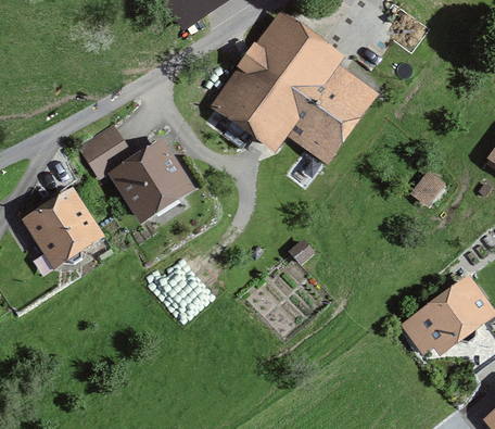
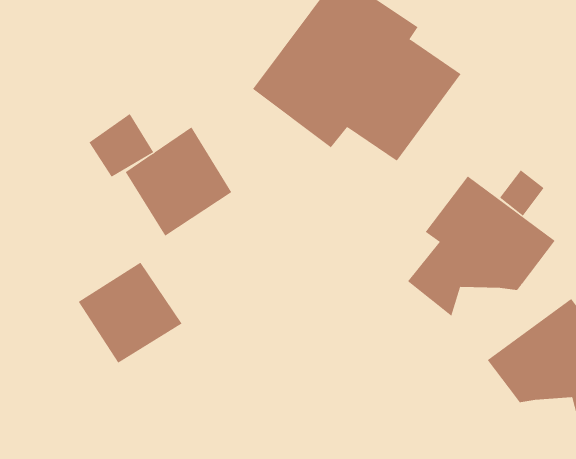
building: none -> [407,176,556,317]
building: [22,186,106,268] -> [78,262,182,364]

